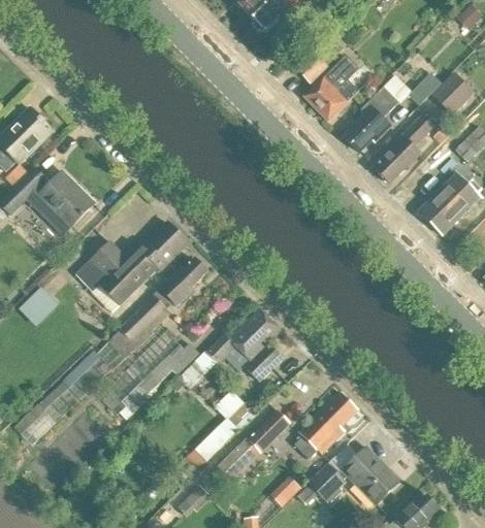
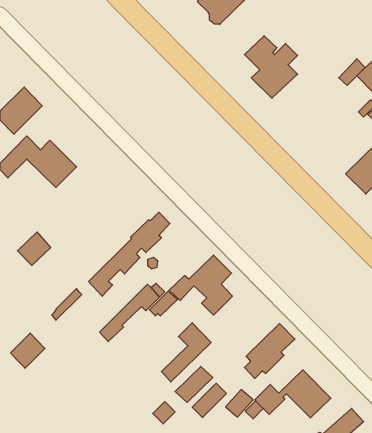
building: [343,86,399,153] -> none
building: [374,114,432,184] -> none
building: [74,222,187,304] -> none
building: [249,411,290,453] -> [192,383,226,418]

